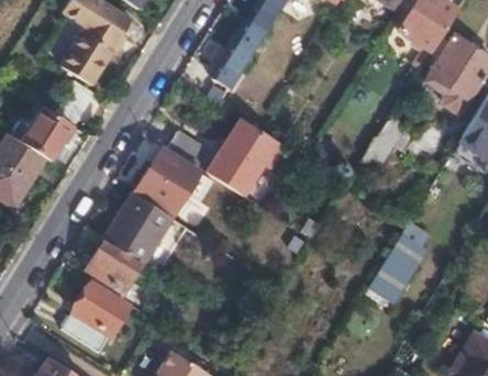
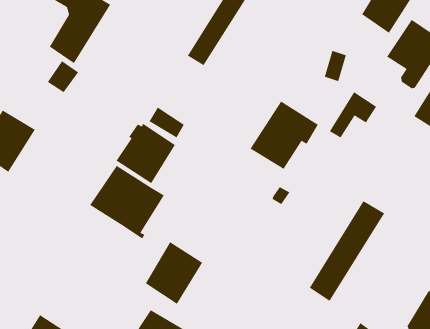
building: [21,107,82,162] -> none
building: [209,119,285,195] -> [250,100,319,170]
building: [86,241,140,291] -> none
building: [64,283,127,352] -> [145,241,203,305]

